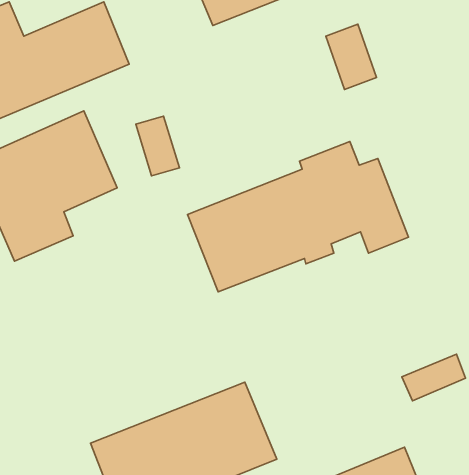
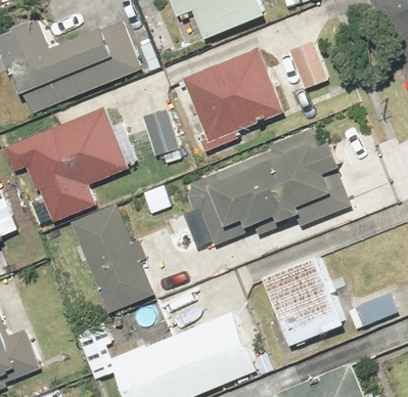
building: none -> [182,46,285,153]
building: none -> [72,204,153,312]
building: none -> [261,255,348,347]

